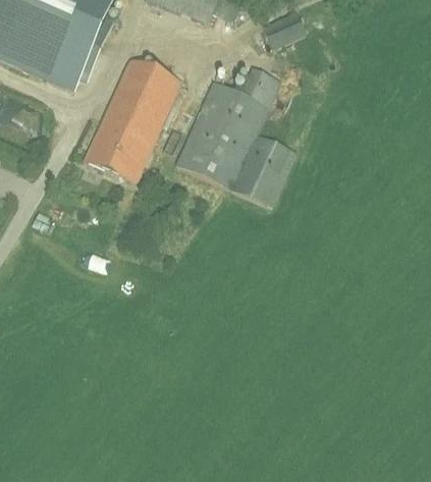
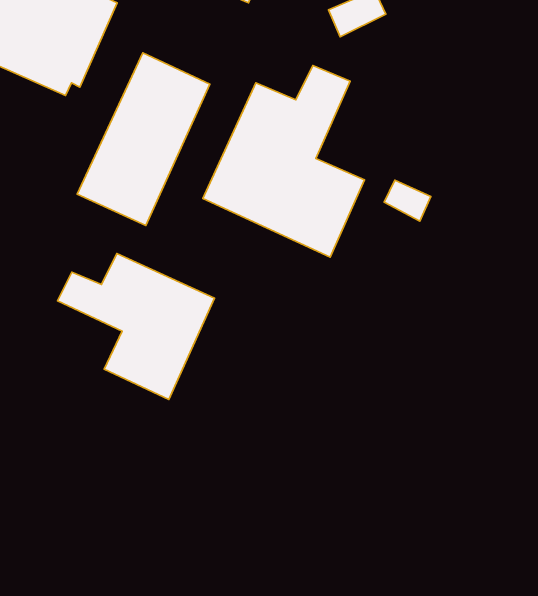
building: none -> [384,180,431,221]
building: none -> [58,253,215,399]

